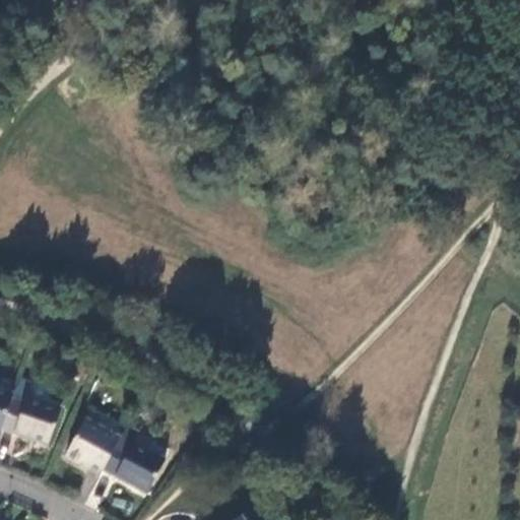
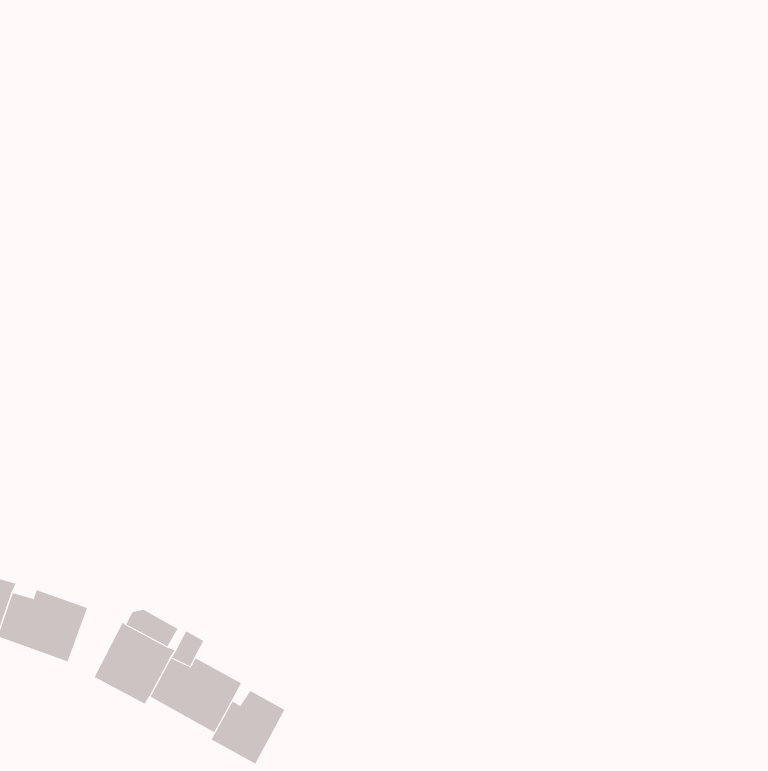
building: none -> [211,690,285,764]

